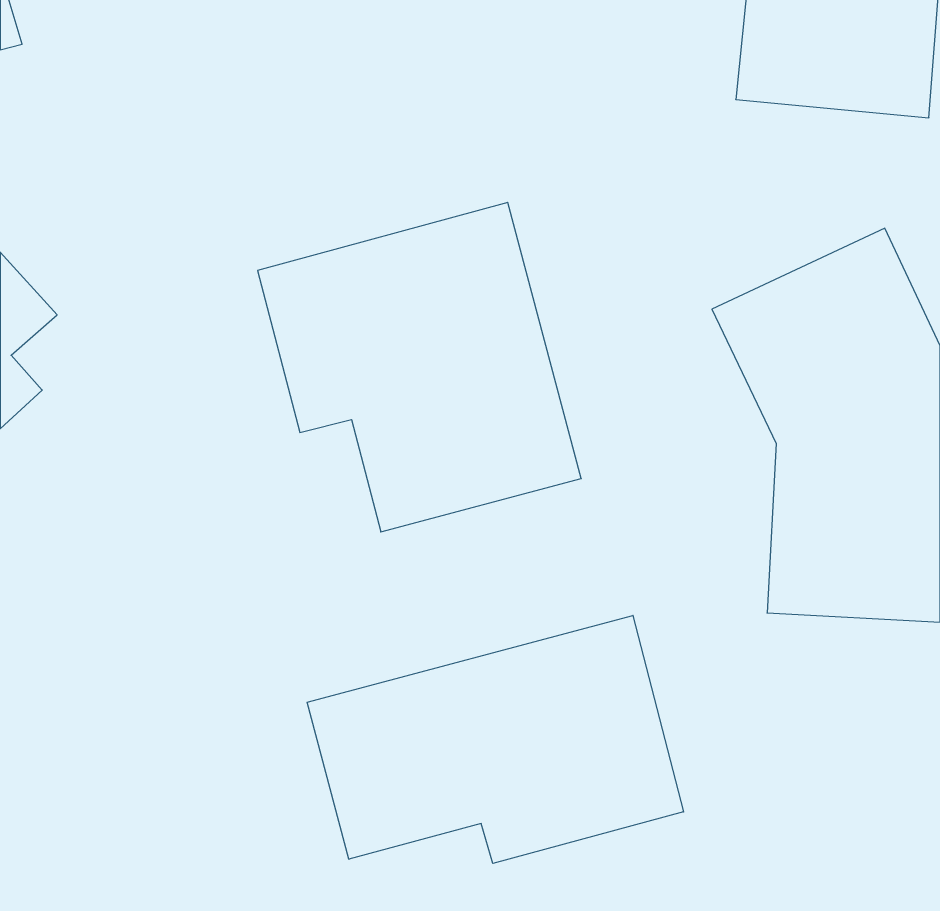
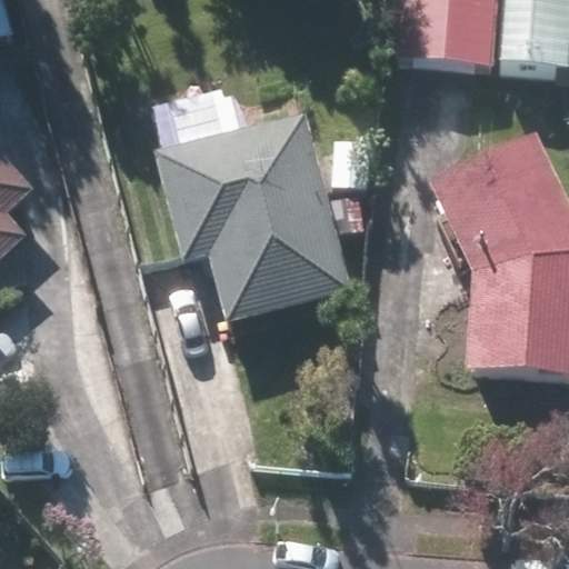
building: [307,615,684,863] -> none

